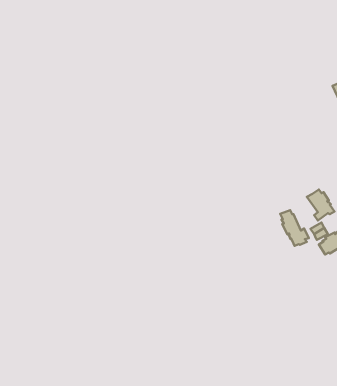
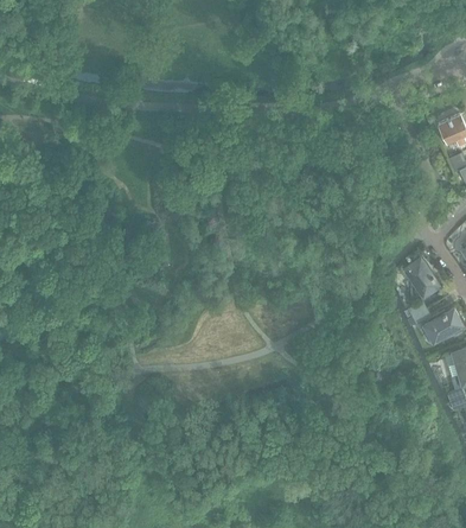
building: [280,210,309,246] -> none

